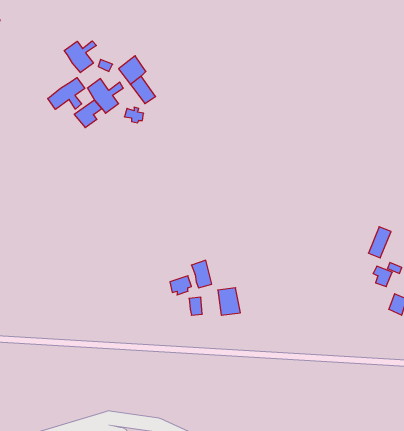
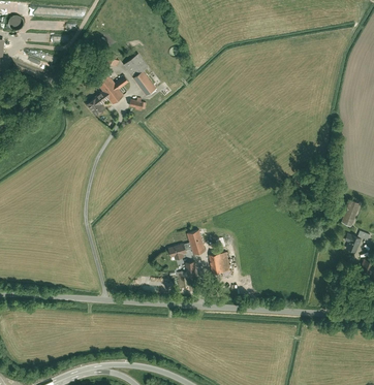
building: [64,41,96,73] -> none
building: [48,78,85,109] -> none

